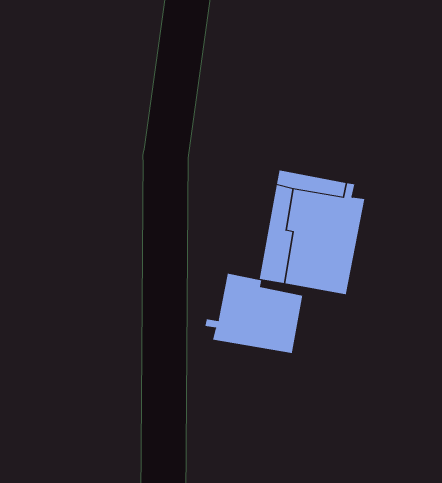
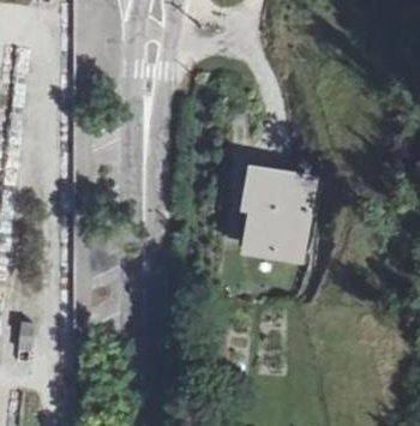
building: [205,273,303,354] -> none

